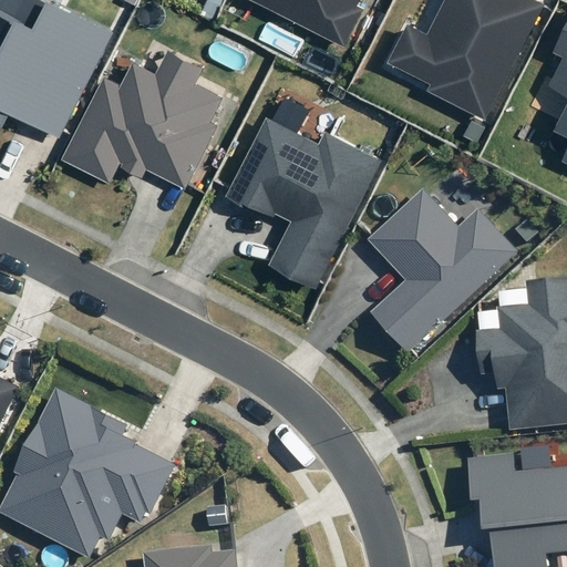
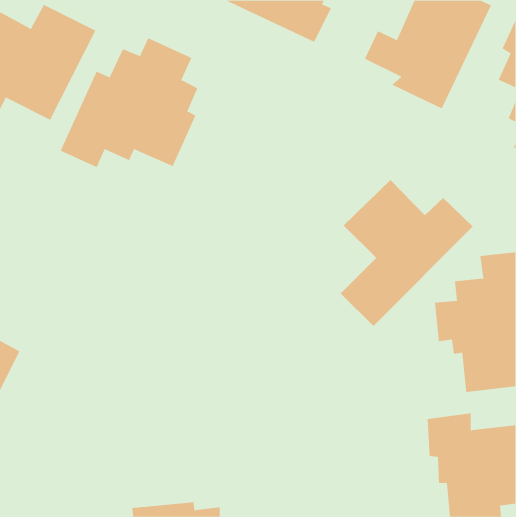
building: [233,121,382,290] -> none
building: [8,389,174,550] -> none

